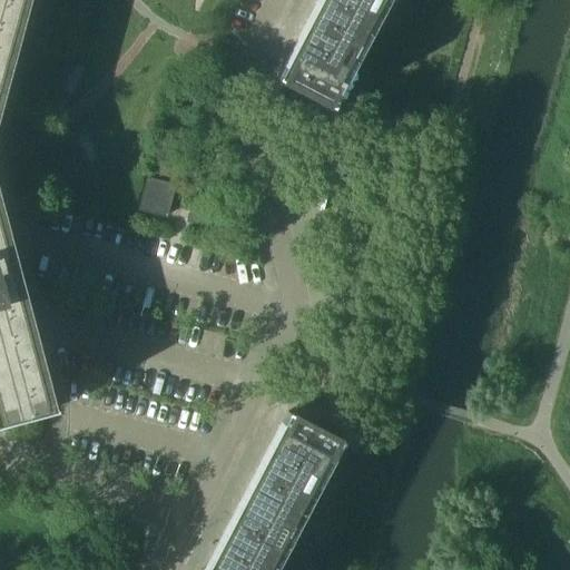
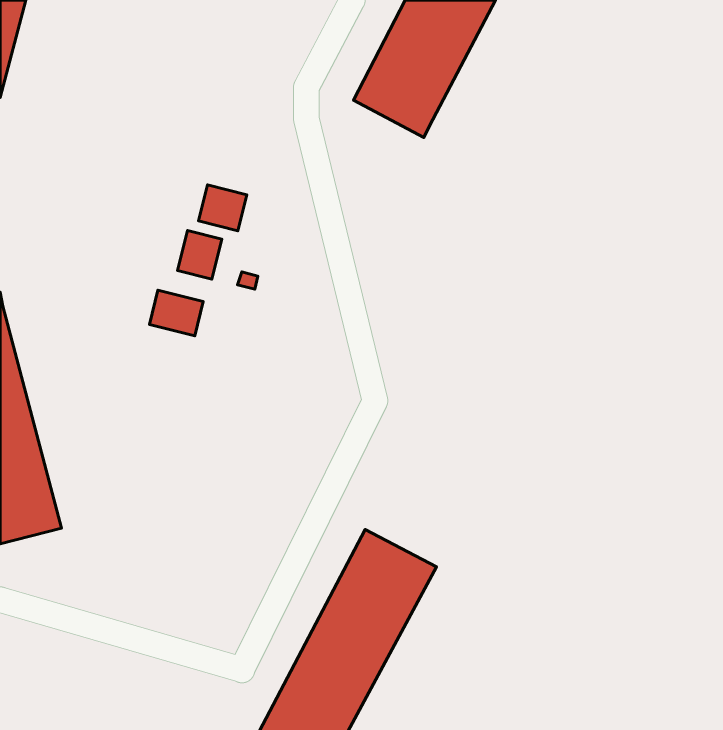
building: none -> [198,185,247,231]
building: none -> [149,290,203,336]

